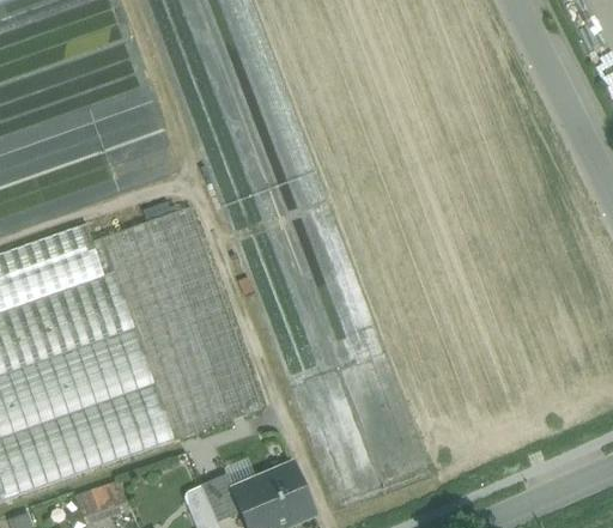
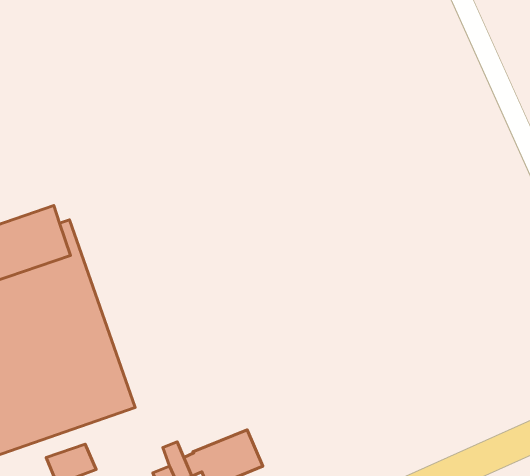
building: [101,208,260,442] -> none

